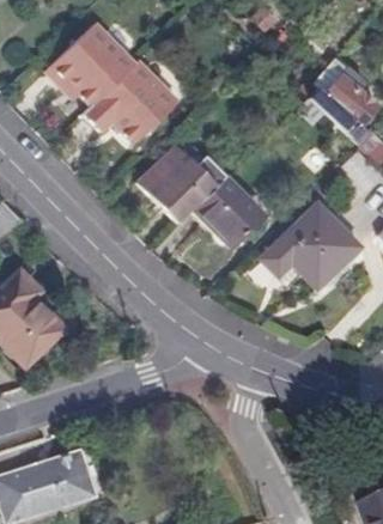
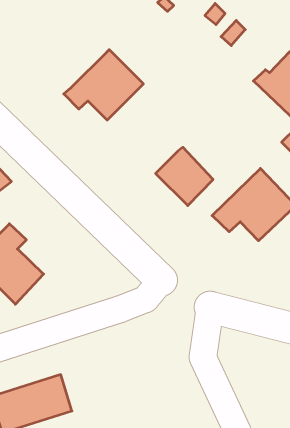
building: [48,23,135,106] -> none
building: [134,141,219,229] -> none

